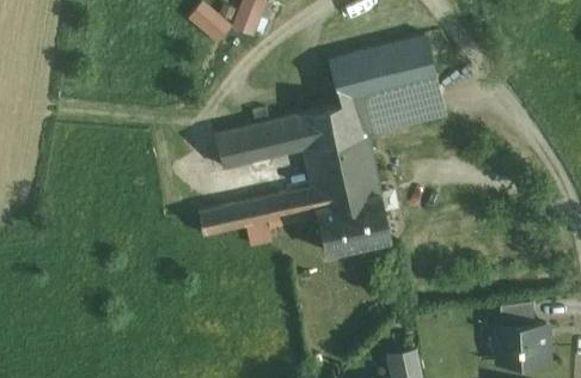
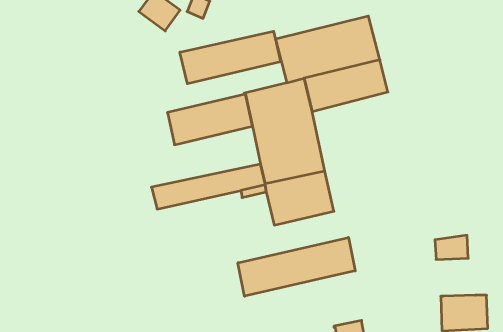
building: none -> [180,31,281,84]
building: none -> [238,237,355,296]
building: [501,303,536,328] -> [435,235,468,259]

